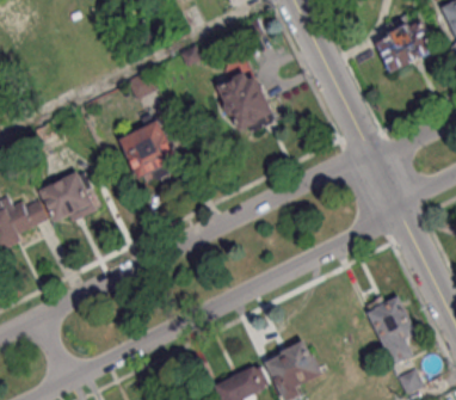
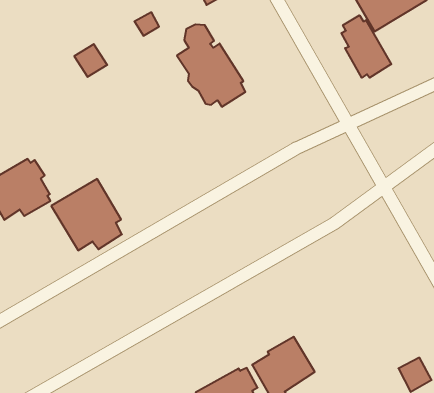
building: none -> [341,15,391,78]
building: [116,118,177,180] -> [51,179,122,250]
building: [366,296,419,364] -> none

